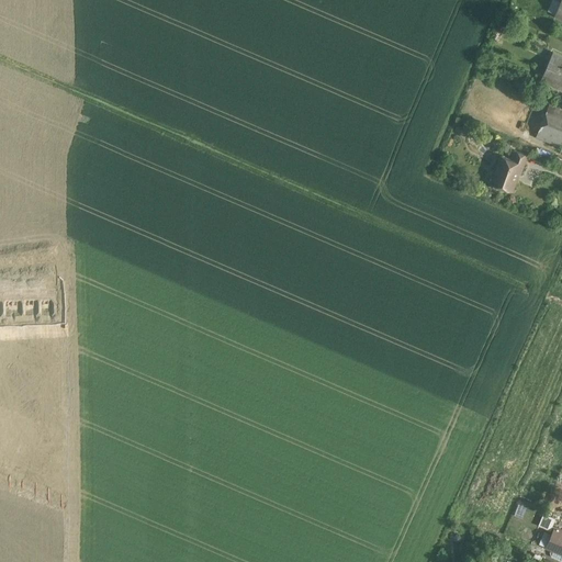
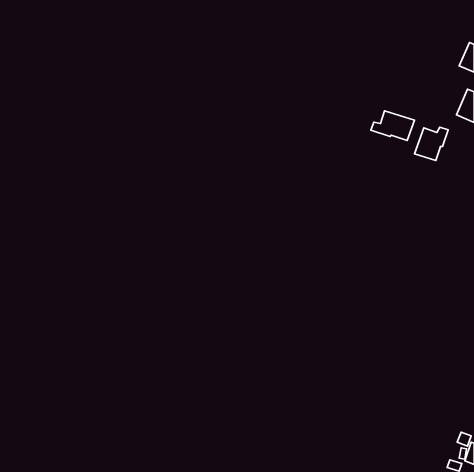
building: none -> [371,111,415,141]

